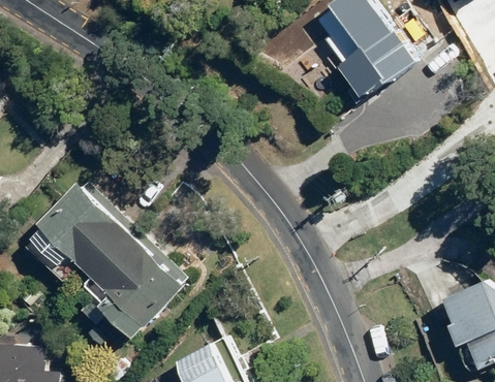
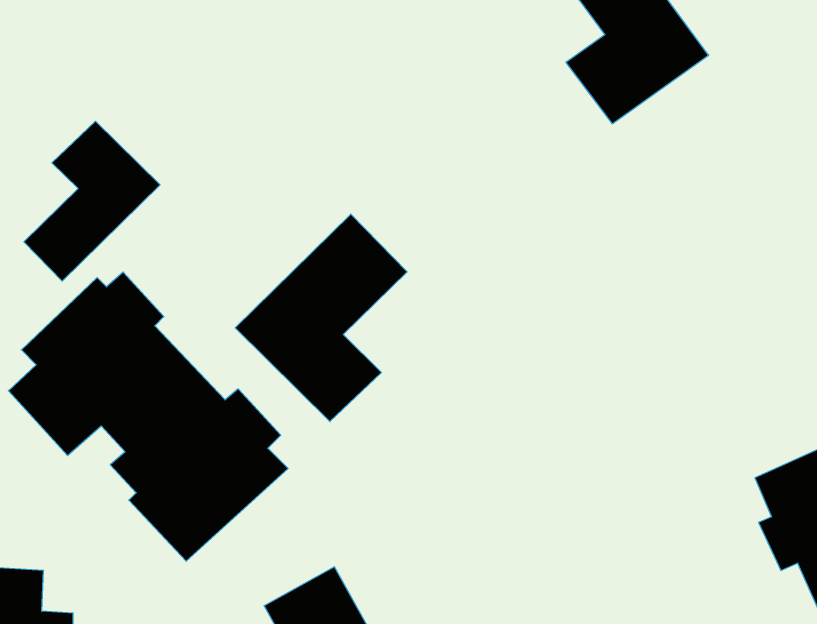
building: none -> [24,121,160,281]
building: none -> [235,214,407,422]

